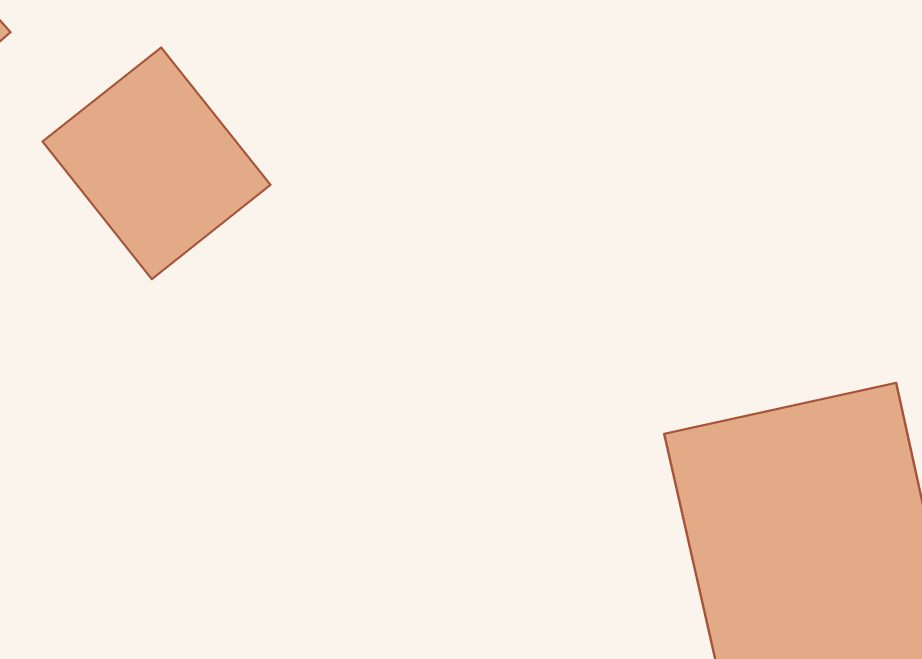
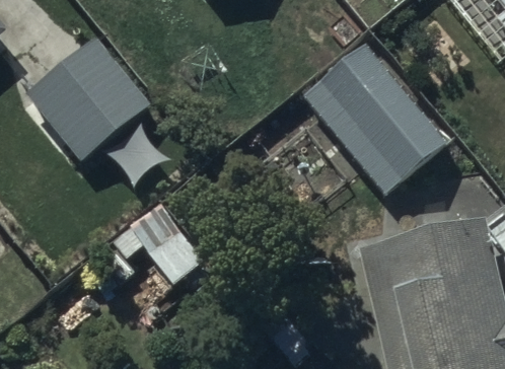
building: none -> [303,43,448,194]

